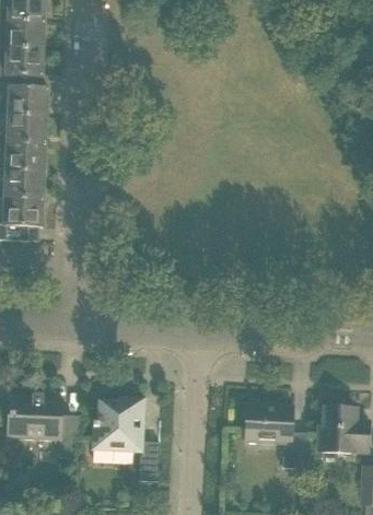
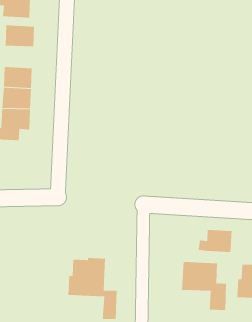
building: [7,113,47,142] -> none
building: none -> [198,229,232,253]
building: [7,391,78,456] -> none

